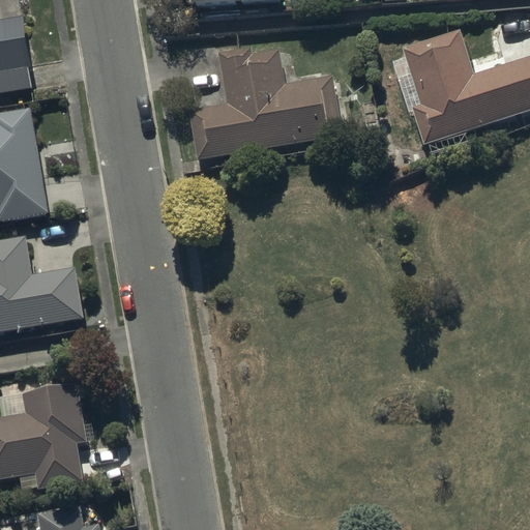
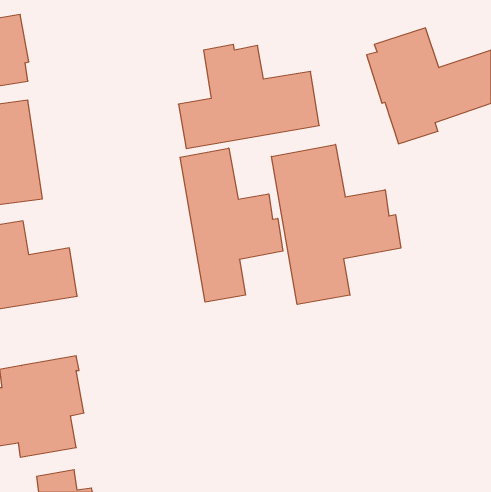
building: none -> [271,144,401,304]
building: none -> [180,148,283,302]

